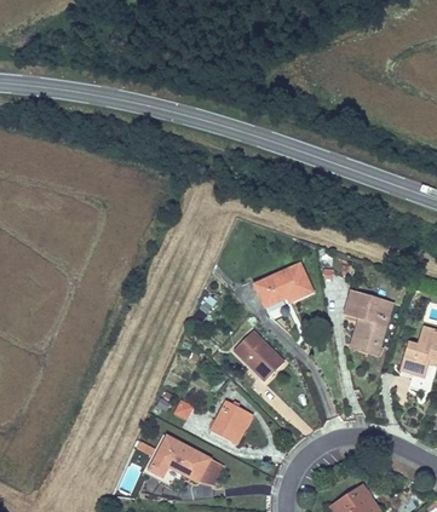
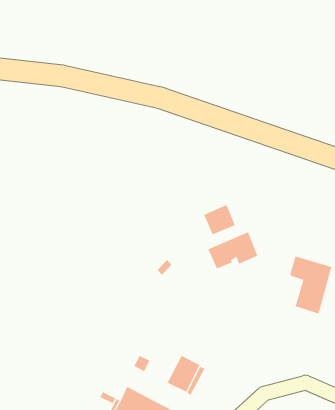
building: none -> [203,204,236,236]
building: [234,329,284,379] -> none

